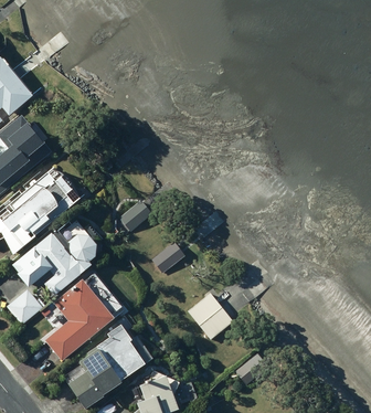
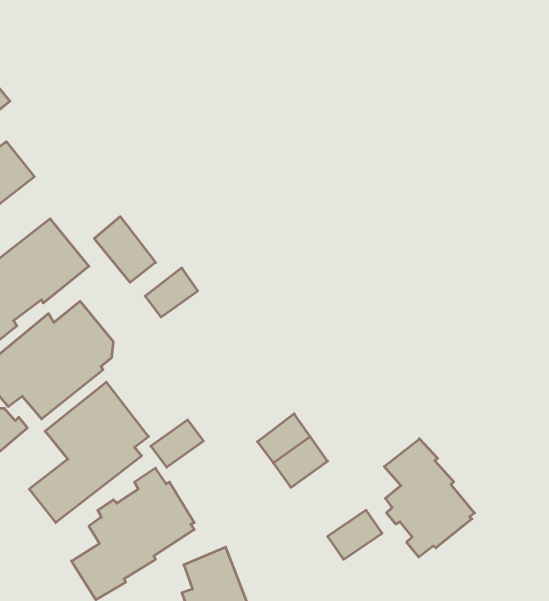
building: none -> [94,217,156,282]
building: [149,242,182,272] -> [151,420,203,467]
building: none -> [384,439,475,557]

